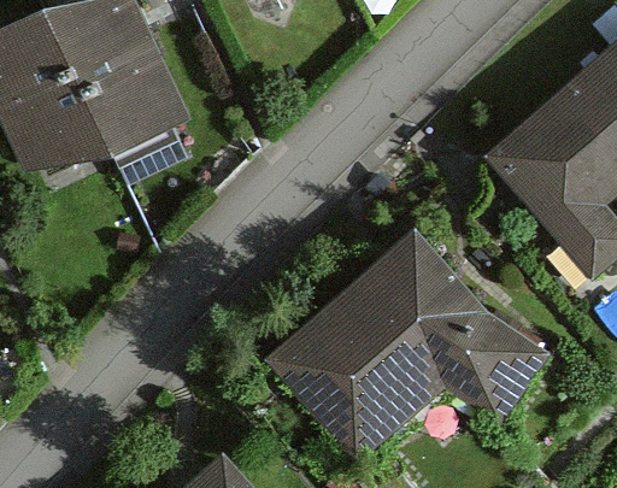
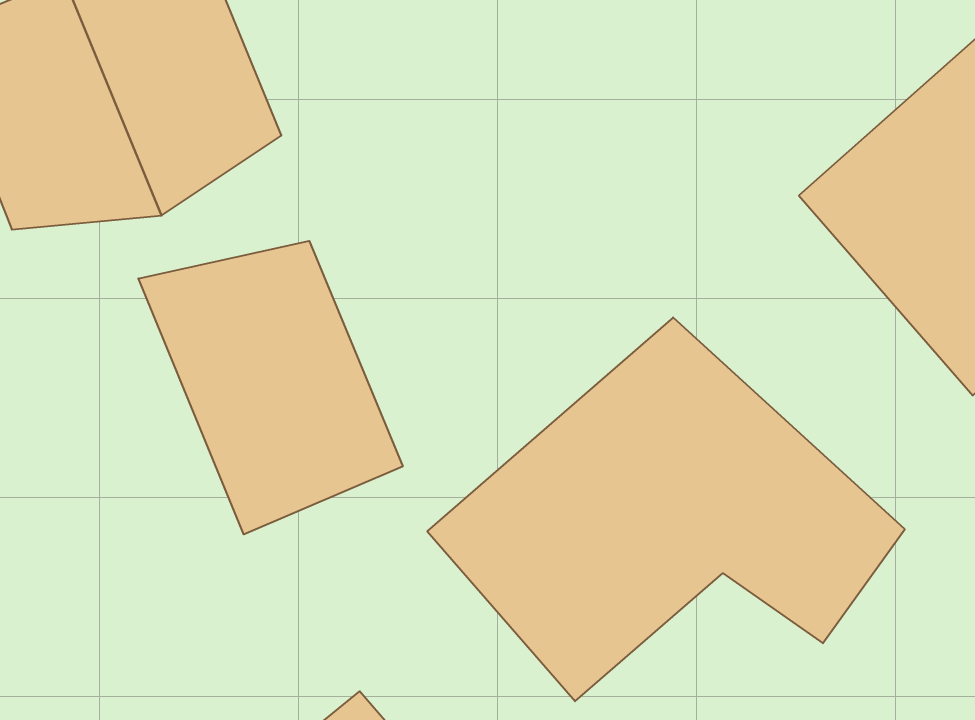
building: none -> [138,241,403,534]

